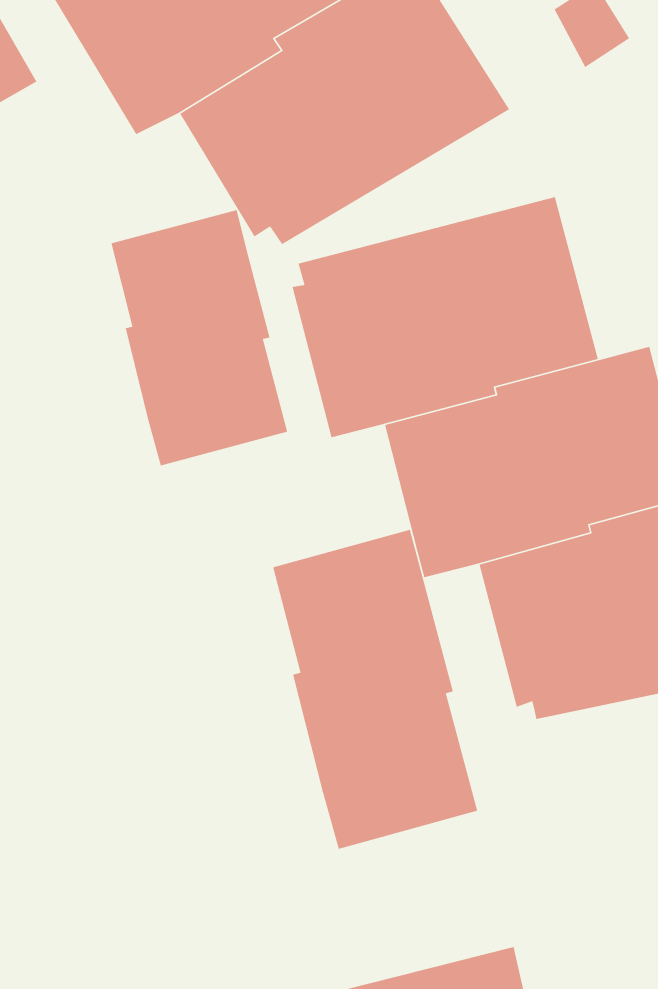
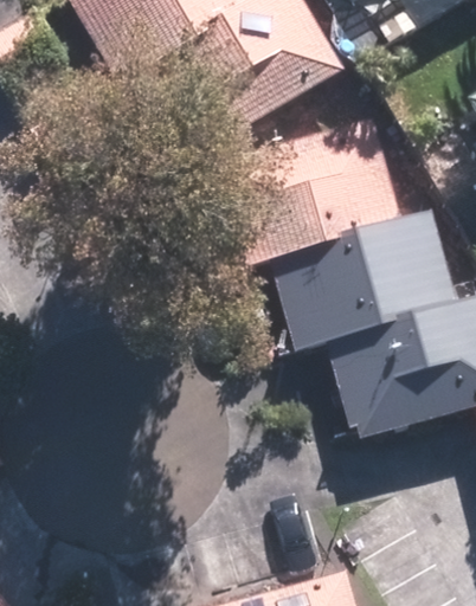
building: [110,209,288,467] -> none
building: [272,529,478,850] -> none

